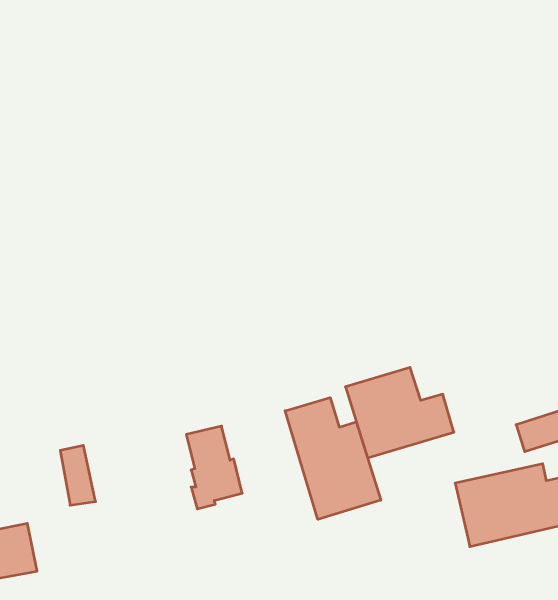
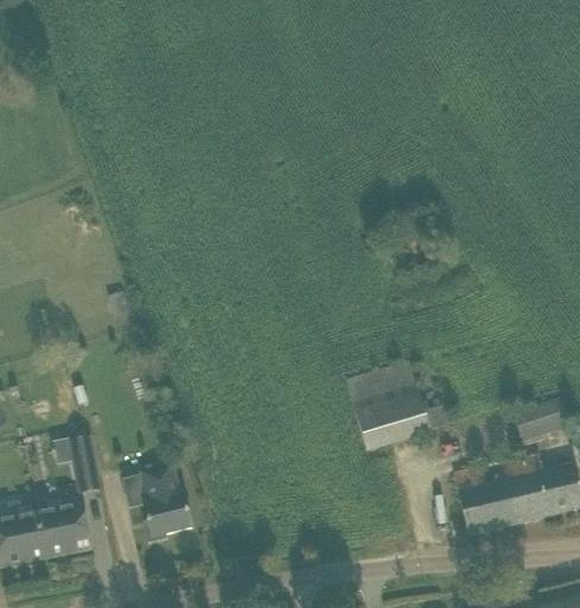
building: [285,398,381,519] -> none
building: [186,426,242,509] -> [135,462,190,543]
building: none -> [33,502,89,558]

